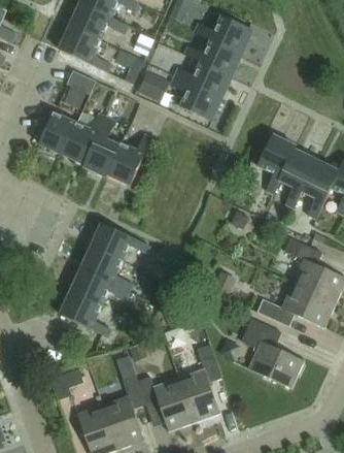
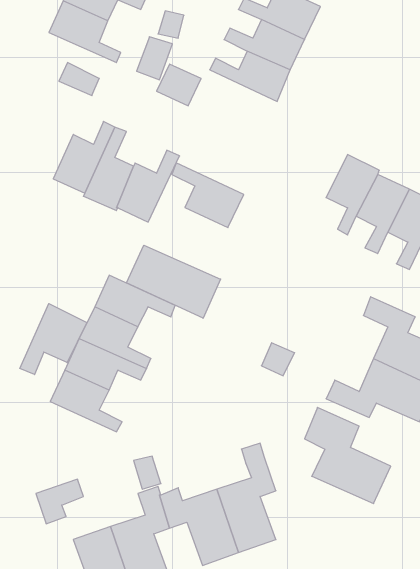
building: [171,75,222,122] -> [172,163,244,228]
building: [39,111,76,154] -> none
building: none -> [127,245,221,318]
building: none -> [20,304,87,375]

